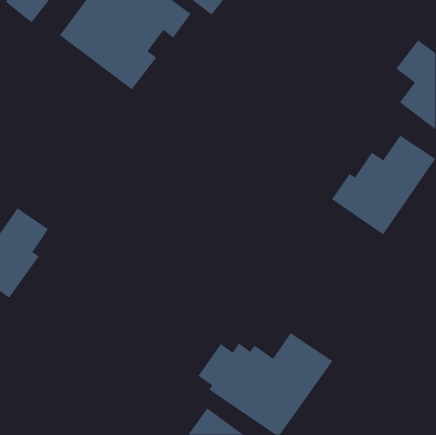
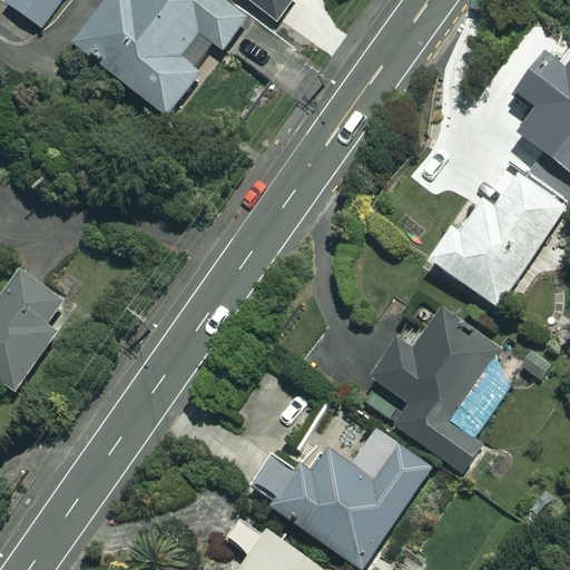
building: none -> [358,311,521,470]

